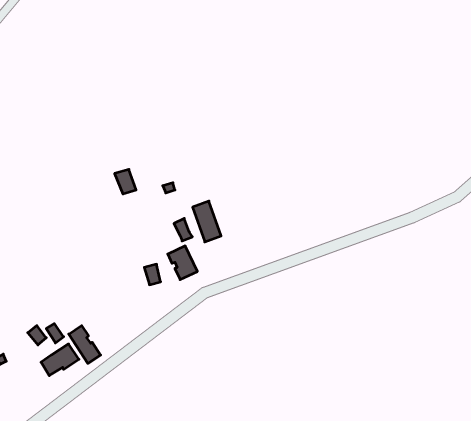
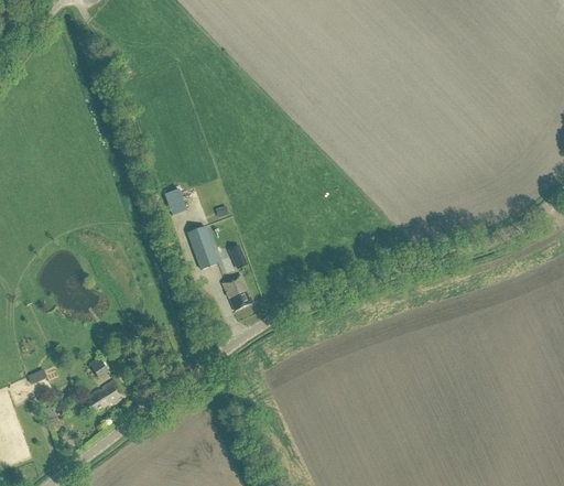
building: [193,201,221,242] -> [187,224,218,268]
building: [69,326,101,363] -> none

